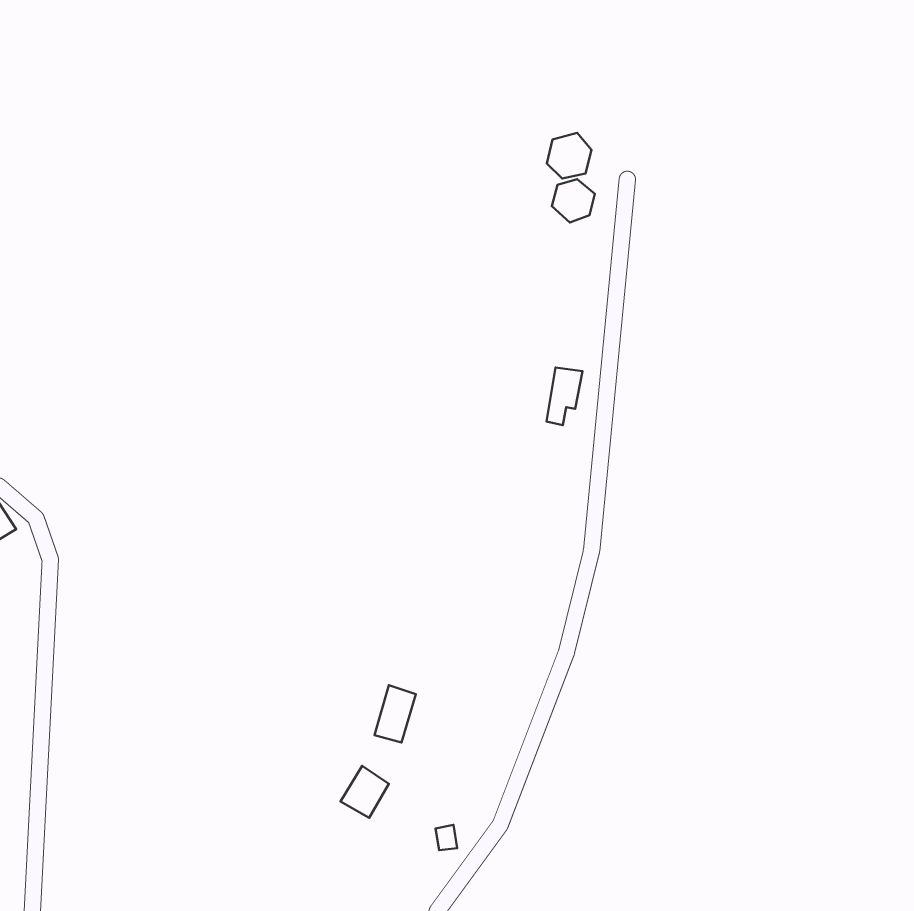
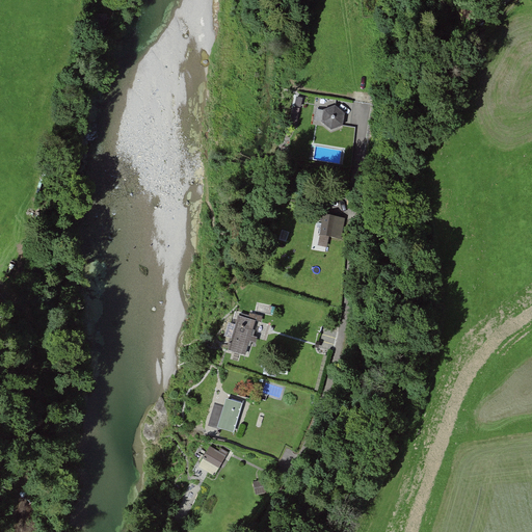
building: [547,133,592,179] -> none
building: none -> [228,314,255,353]

